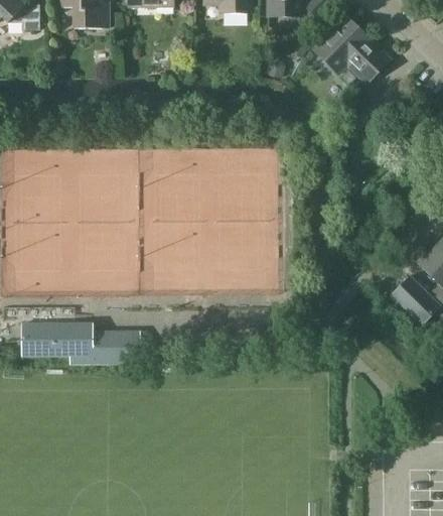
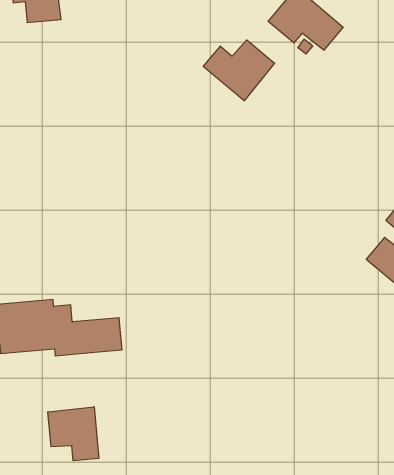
building: none -> [203,40,275,101]
building: none -> [48,407,99,461]

